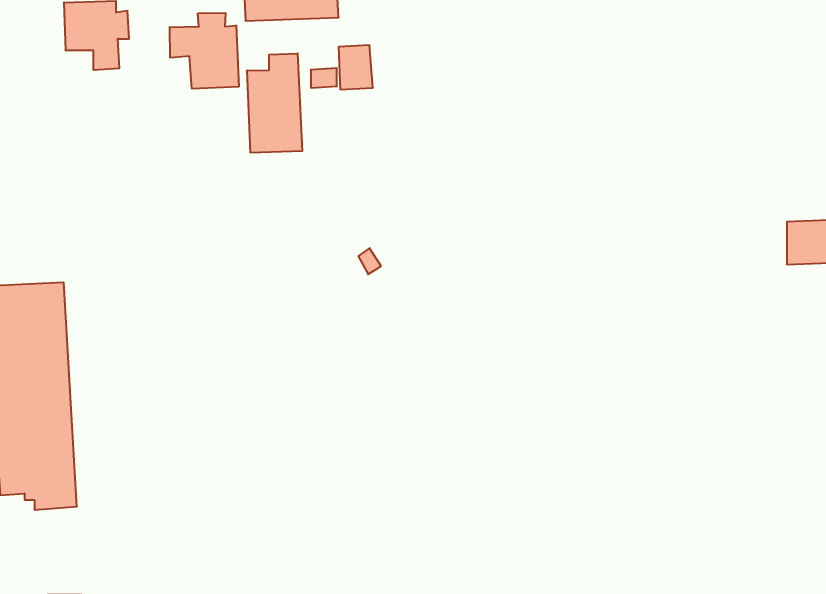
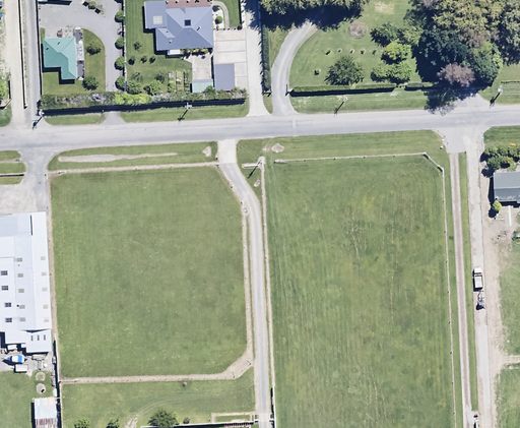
building: [170,13,239,89] -> none
building: [247,53,302,153] -> none

